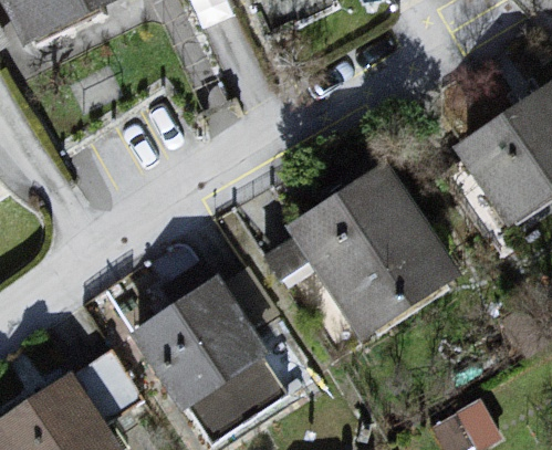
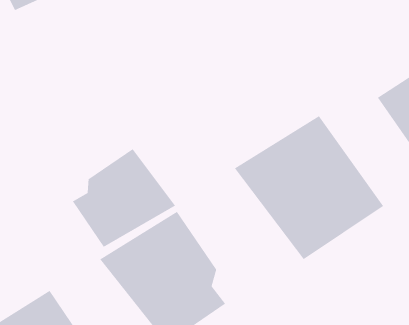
building: none -> [72,148,176,248]

